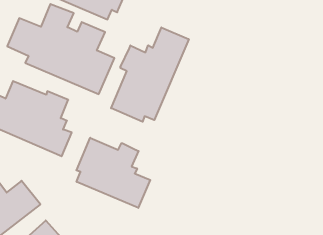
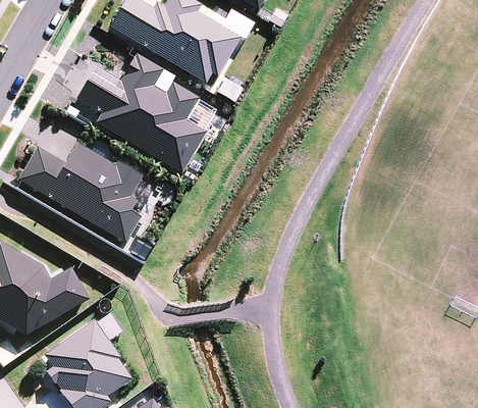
building: [111,27,189,122] -> none
building: [76,138,150,208] -> none

